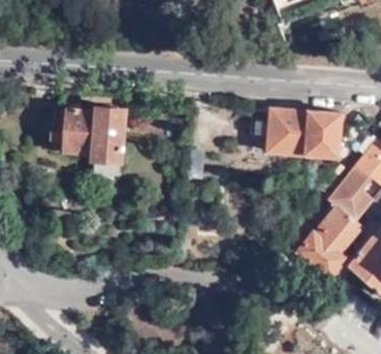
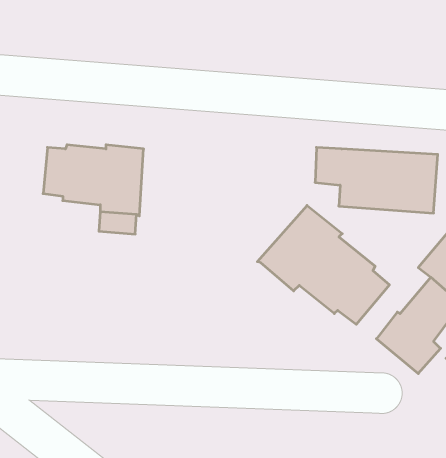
building: none -> [257,205,389,324]

